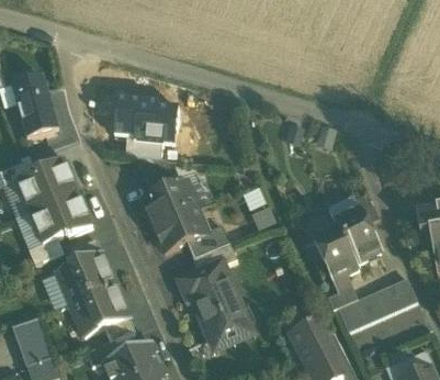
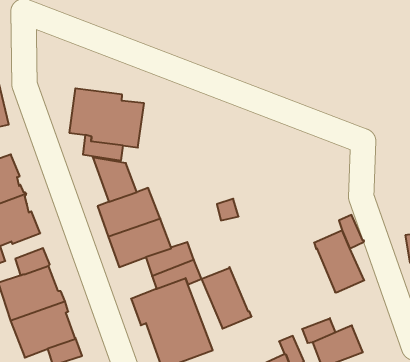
building: [313,225,359,280] -> [201,267,252,329]
building: [372,277,417,315] -> none

